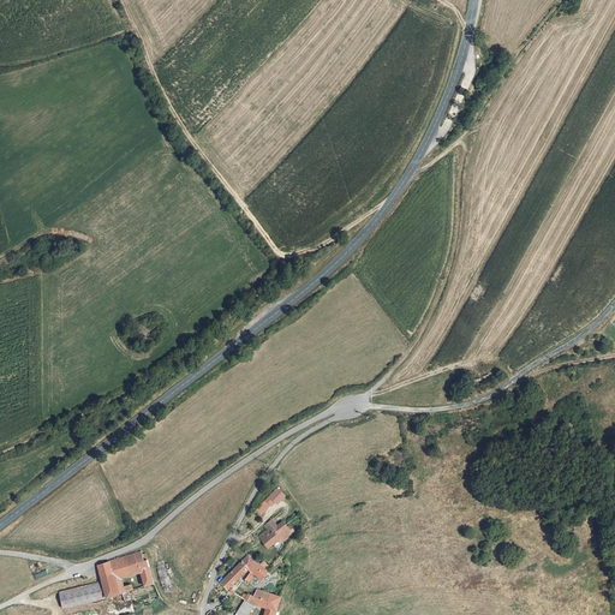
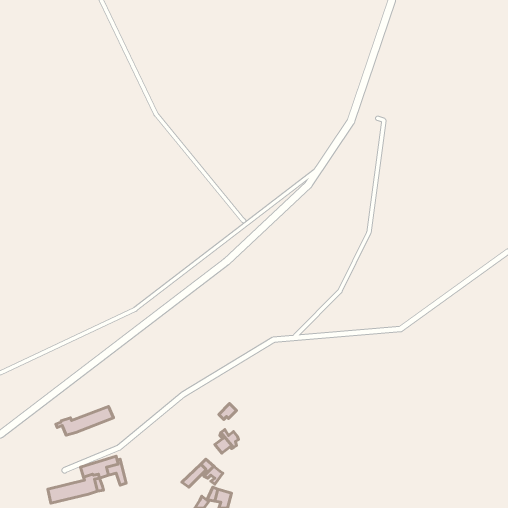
building: none -> [56,406,114,435]

